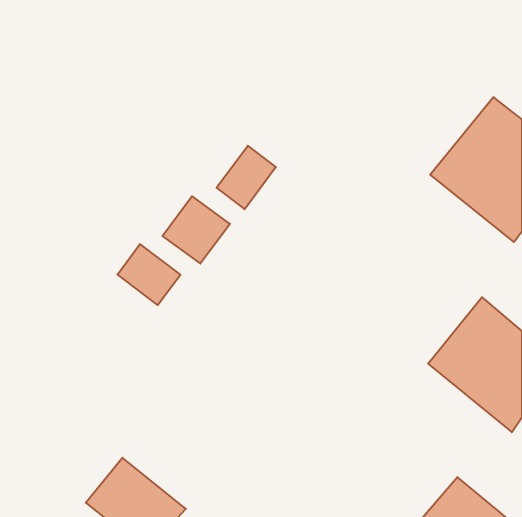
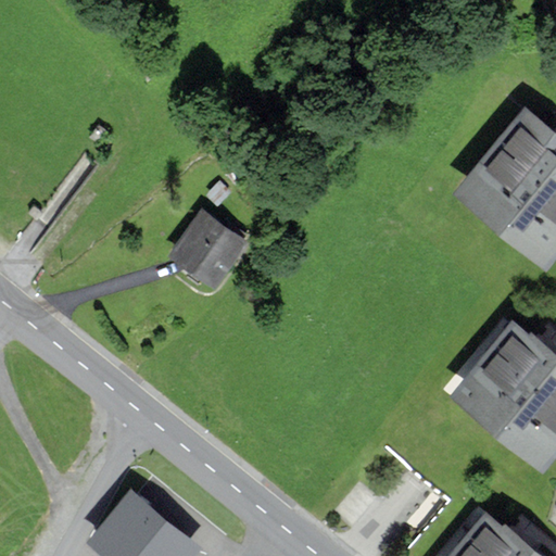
building: [217,146,276,209] -> none
building: [117,244,180,305] -> none

